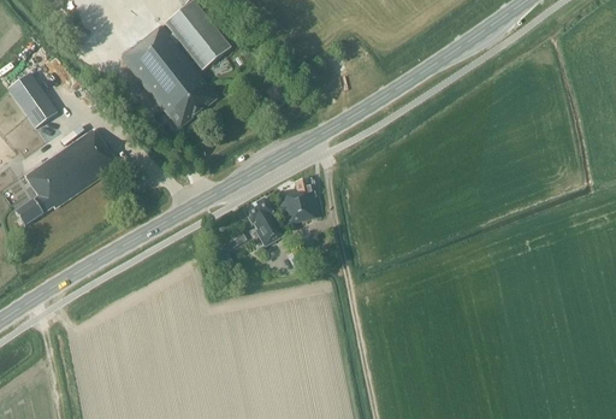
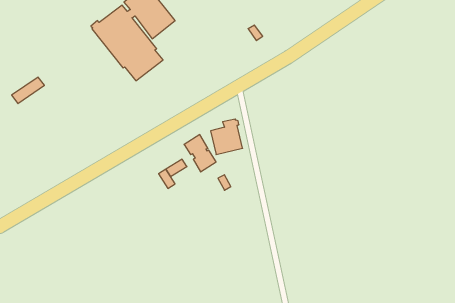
building: [10,71,59,126] -> none
building: [14,128,118,225] -> none

